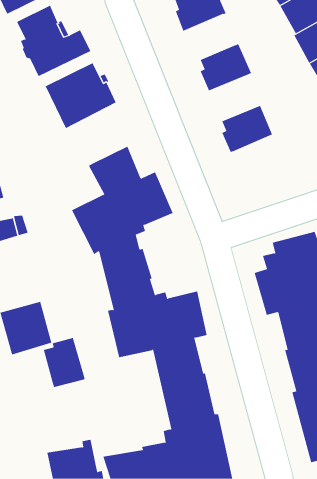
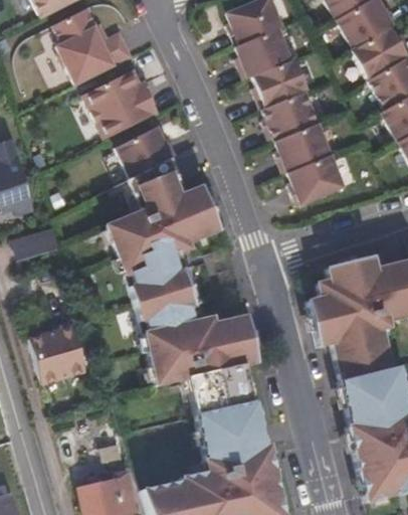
building: none -> [229,20,285,71]
building: none -> [256,84,312,136]
building: none -> [117,128,177,179]
building: none -> [283,148,339,198]
building: [43,337,85,388] -> none

